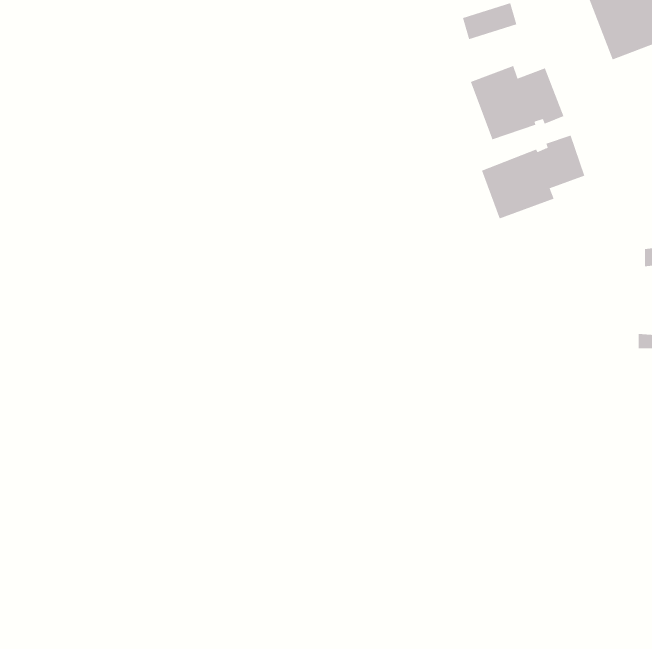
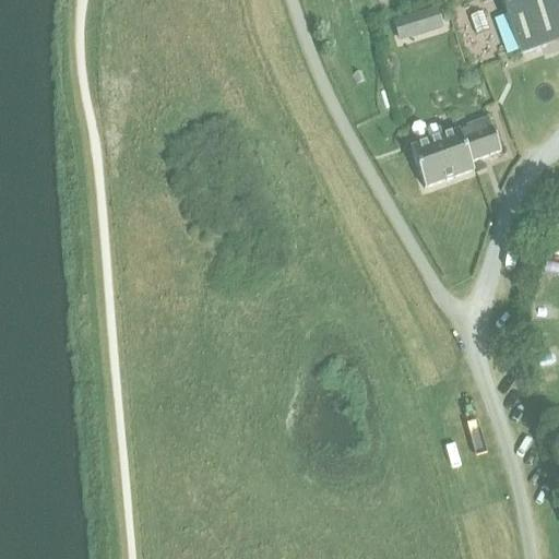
building: [470,65,564,140] -> none

